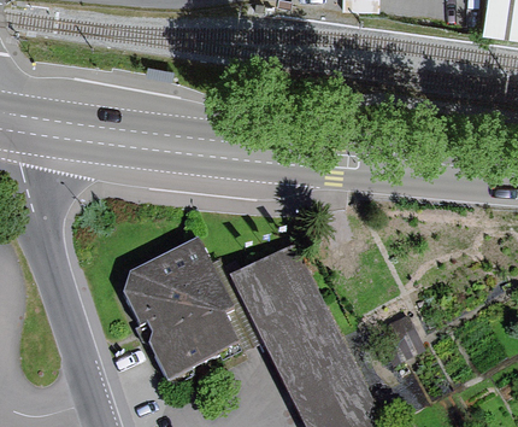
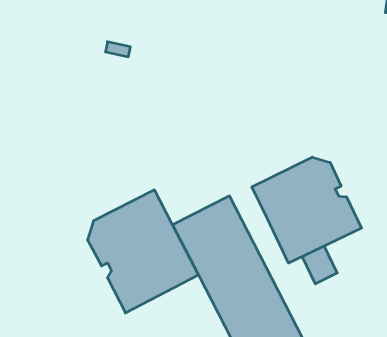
building: none -> [252,157,362,263]

